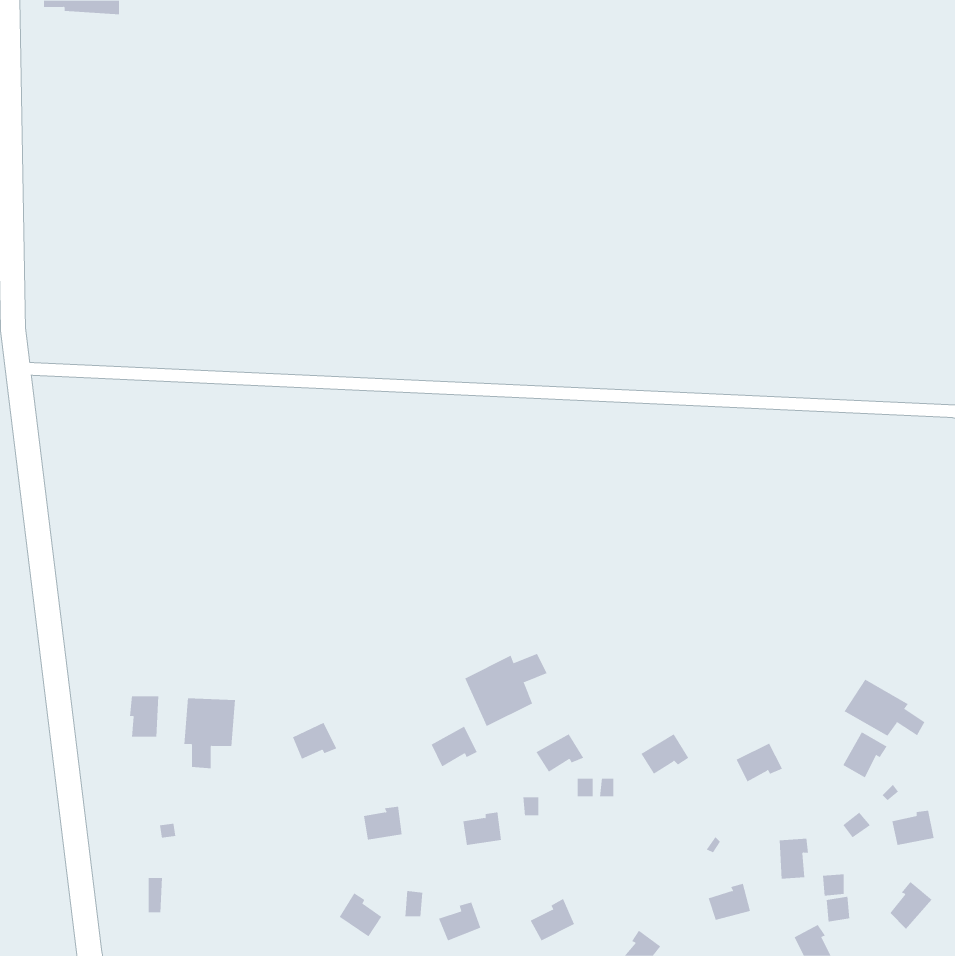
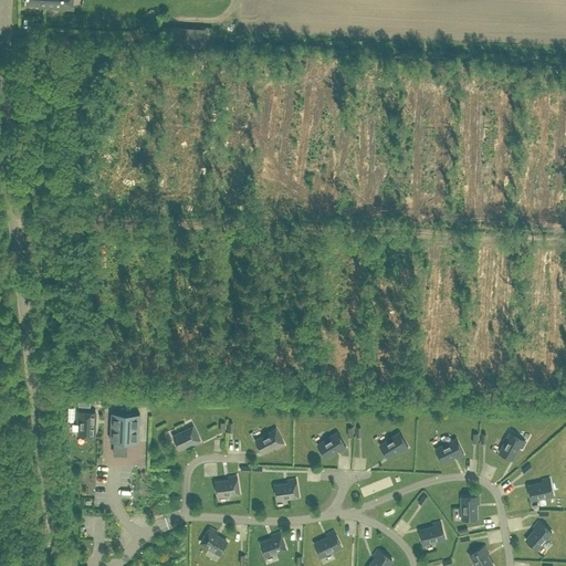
building: [464,653,547,727] -> none
building: [844,679,925,736] -> none

